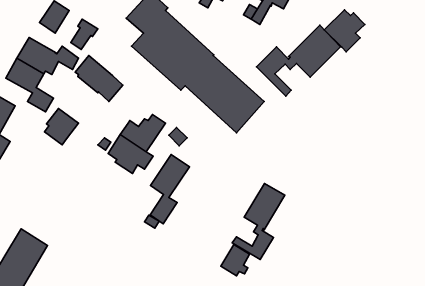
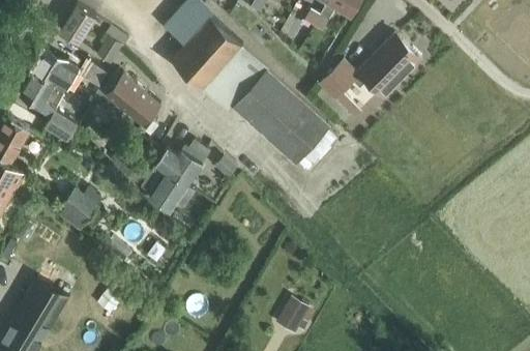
building: [324,10,365,52] -> none
building: [45,108,79,145] -> [59,188,99,232]
building: [150,154,190,224] -> none
building: [232,184,285,260] -> none

